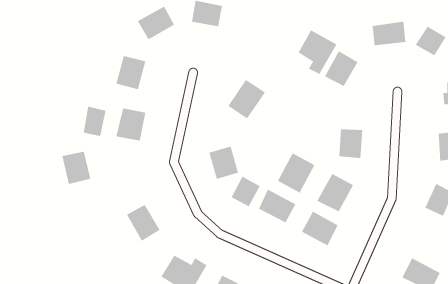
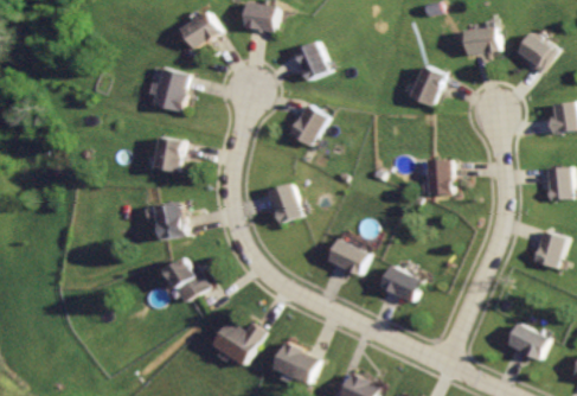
building: [298,30,337,75] -> none
building: none -> [294,39,333,82]
building: [83,106,106,137] -> none
building: [62,151,91,185] -> [148,199,185,241]
building: [277,153,315,194] -> none
building: [317,173,354,212] -> none
building: [231,176,260,207] -> none

